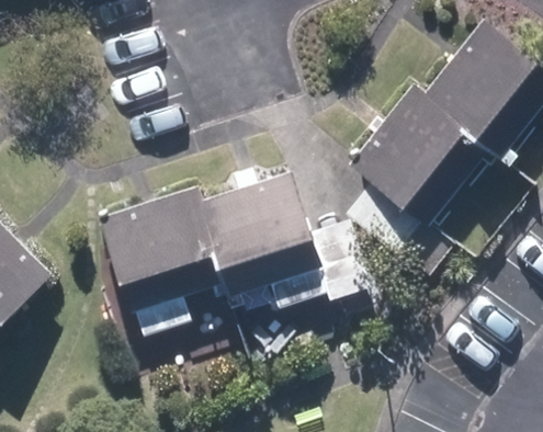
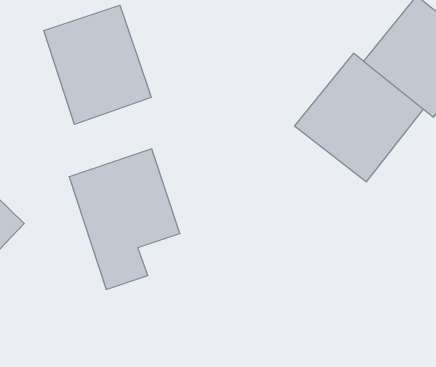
building: none -> [44,5,151,124]
building: [192,172,321,298] -> none

